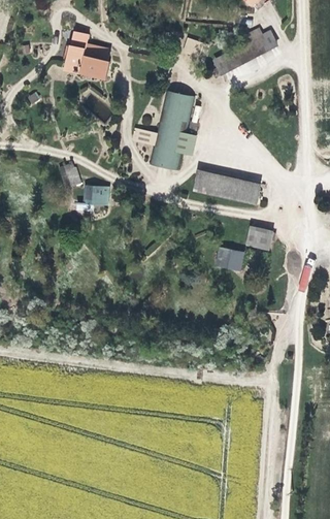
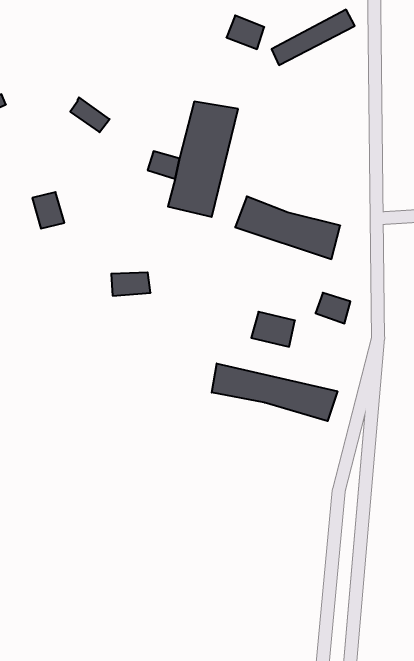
building: [66,31,111,82] -> none
building: [86,186,113,202] -> [111,272,151,296]
building: none -> [212,363,337,421]

